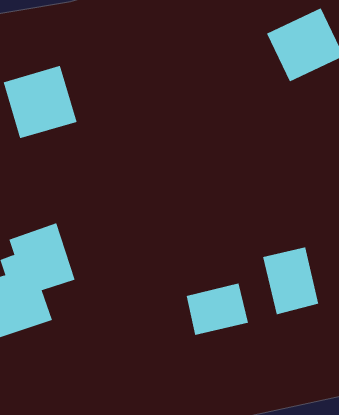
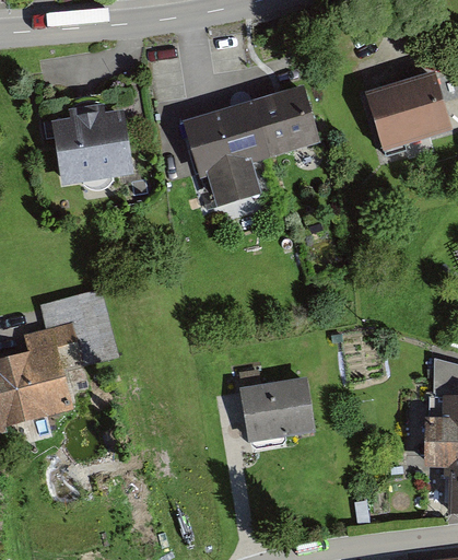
building: none -> [179,84,317,201]
building: [262,247,319,315] -> none

